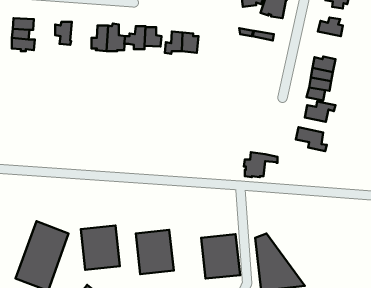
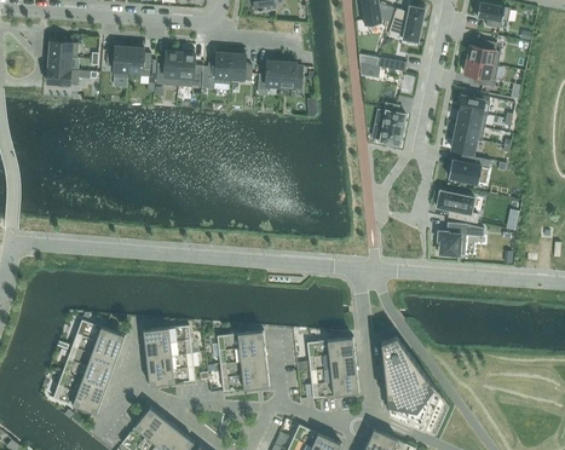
building: none -> [127,47,150,77]
building: none -> [463,60,497,87]
building: none -> [371,103,404,145]
building: [244,152,278,177] -> [437,223,483,256]

